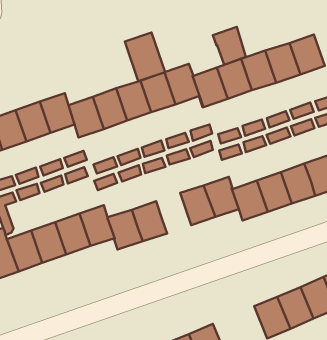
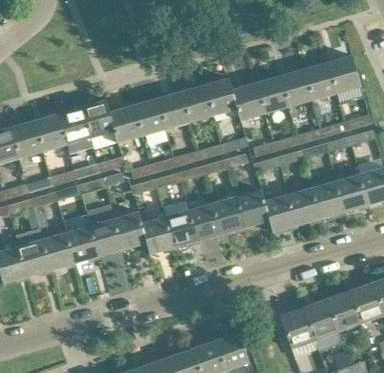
building: [213,27,246,65] -> none
building: [125,33,165,81] -> none
building: none -> [190,202,223,241]

